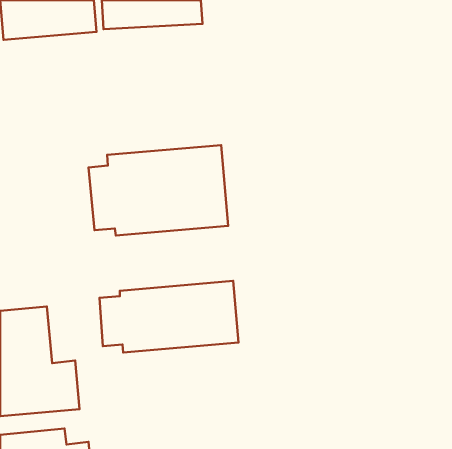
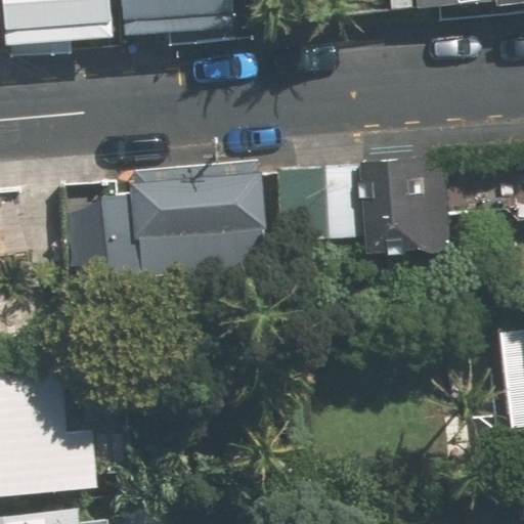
building: none -> [281,154,451,246]
building: [99,281,239,353] -> none

